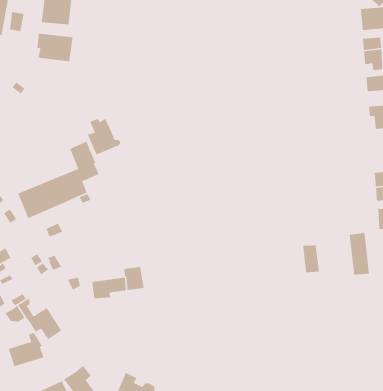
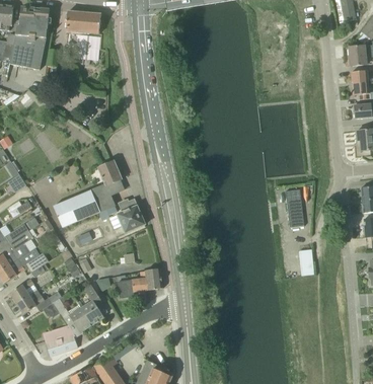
building: [36,33,74,62] -> none
building: [87,118,121,156] -> [118,200,147,232]
building: [349,232,370,276] -> [286,189,304,227]
building: none -> [82,284,104,324]

